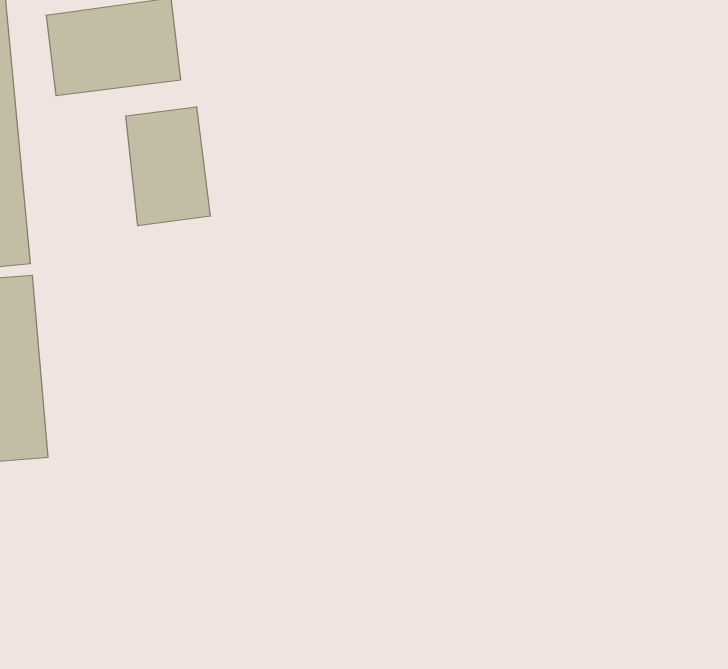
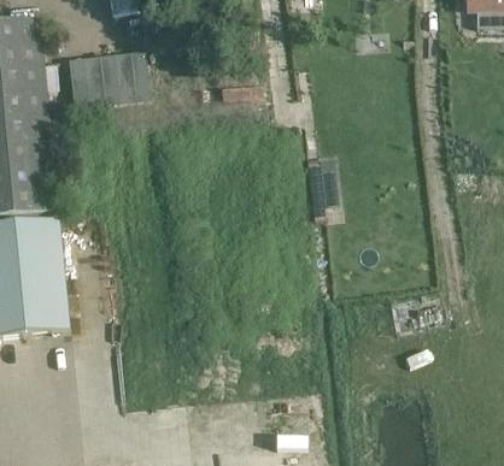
building: [126,107,210,226] -> none

